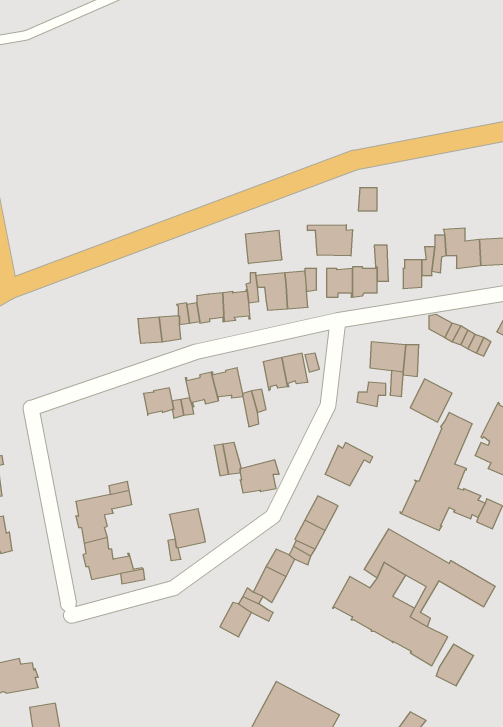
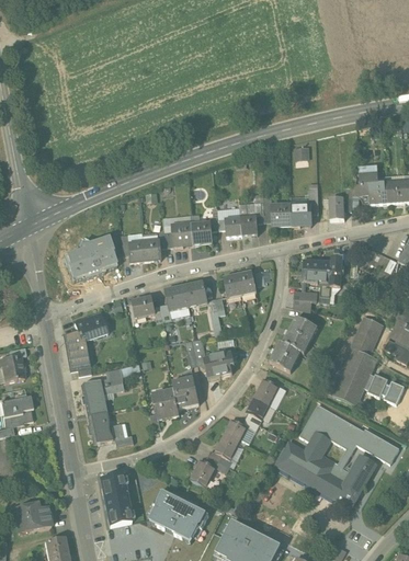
building: [308,225,353,256] -> none
building: [246,230,282,264] -> none
building: none -> [66,236,118,278]
building: [410,379,452,422] -> [285,316,317,348]
building: none -> [65,312,106,369]
building: none -> [171,375,198,408]
building: none -> [101,473,132,525]
building: none -> [149,489,208,540]
building: [436,644,474,686] -> [348,454,376,485]

